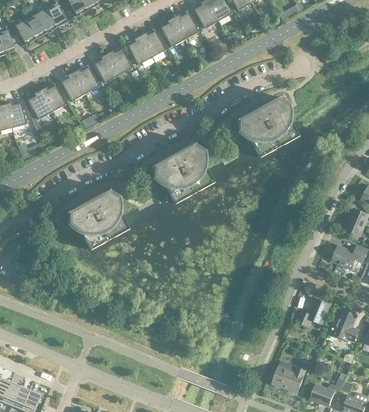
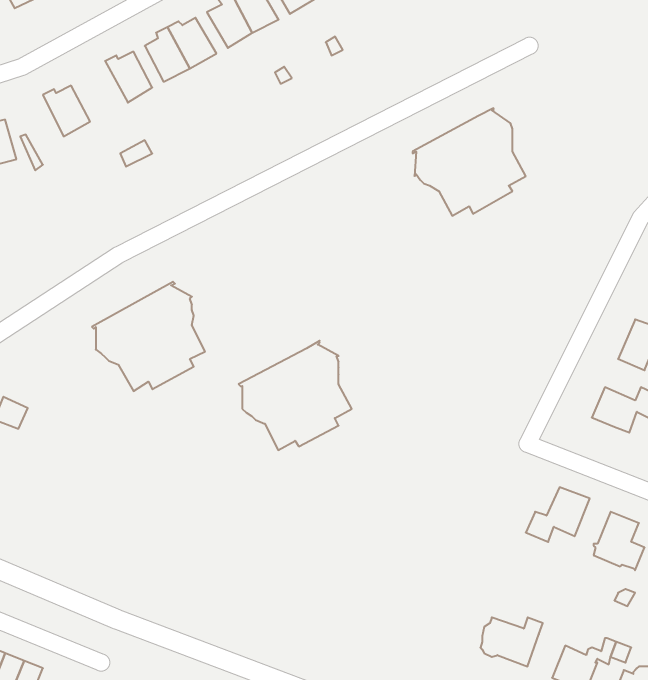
building: [61,71,85,100] -> none
building: [27,89,51,118] -> none
building: [151,142,211,200] -> [239,341,352,450]

